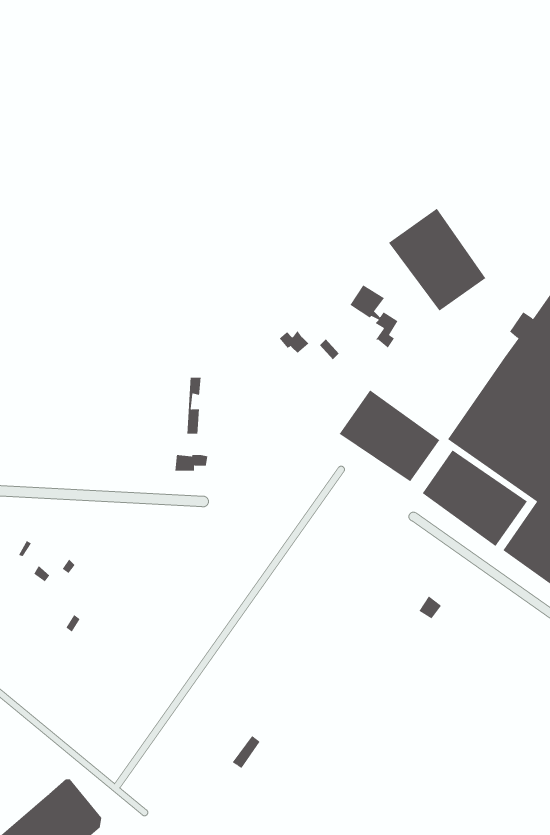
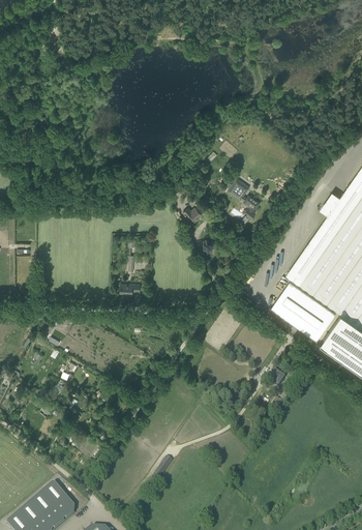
building: [388,208,486,311] -> none
building: [339,390,440,482] -> none

